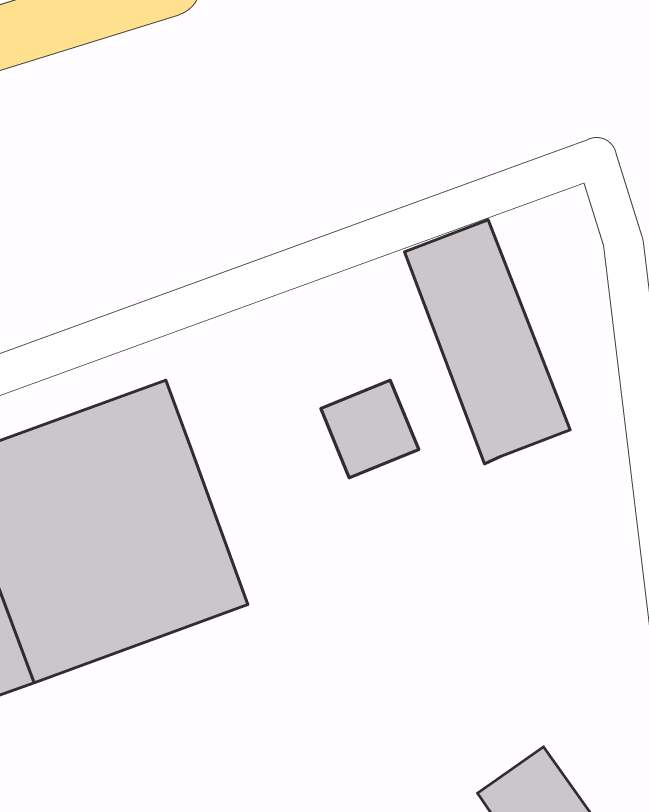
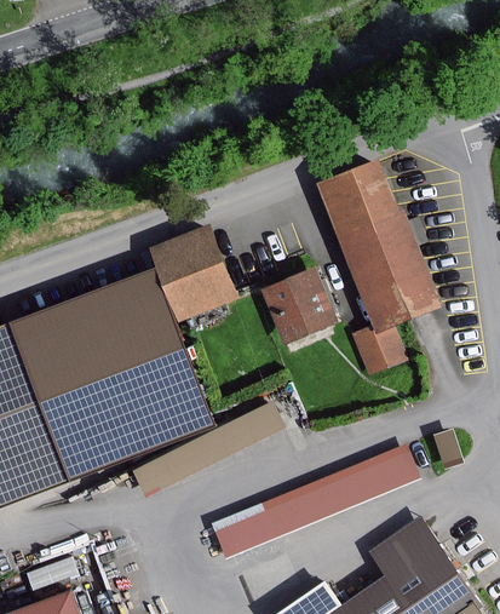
building: none -> [153,230,234,316]
building: none -> [351,322,402,373]
building: none -> [213,444,416,557]

